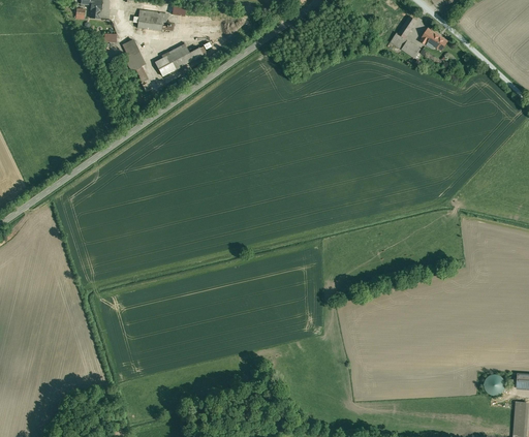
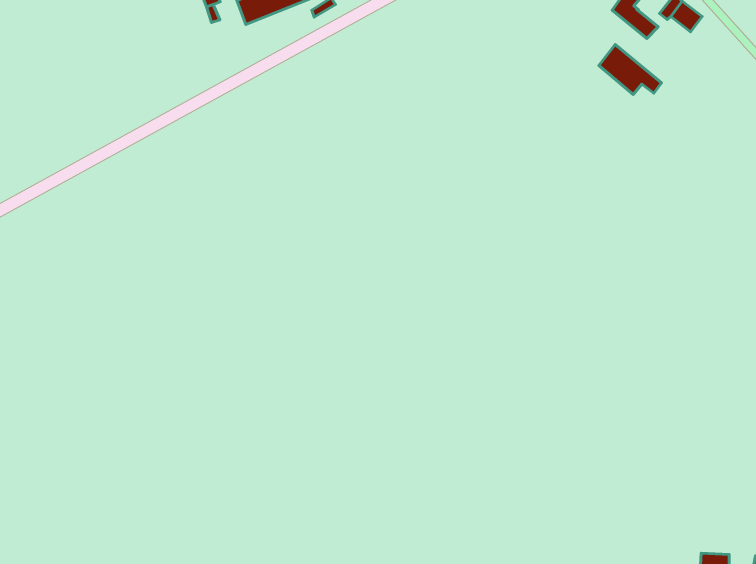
building: none -> [599,45,661,95]

